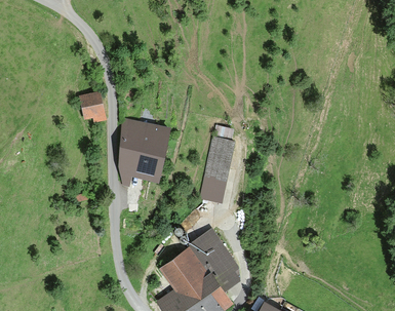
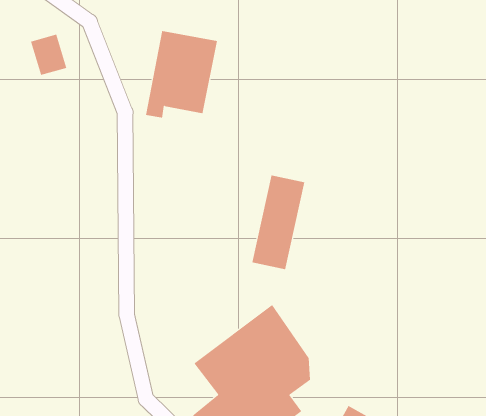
building: [77,94,103,123] -> [30,34,67,76]
building: [117,124,167,185] -> [145,31,218,118]

